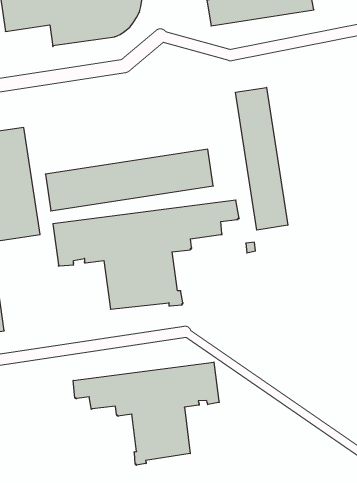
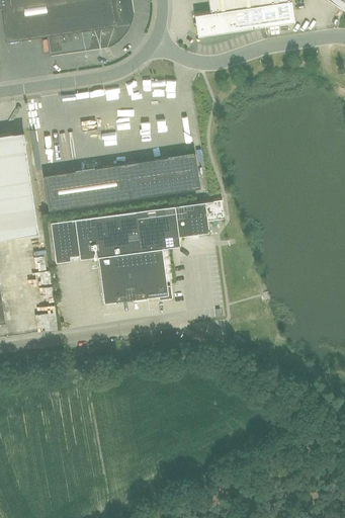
building: [236,87,288,230] -> none
building: [73,362,219,465] -> none

